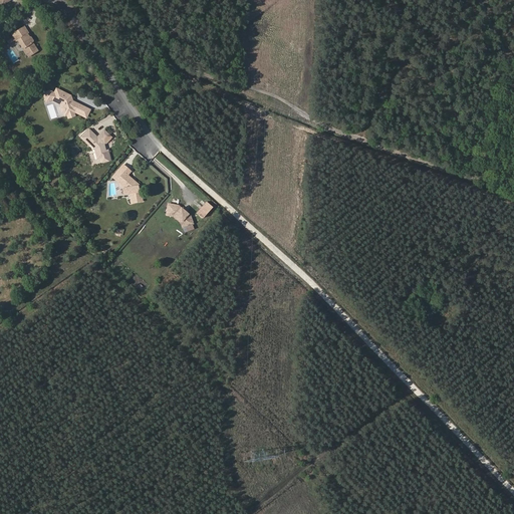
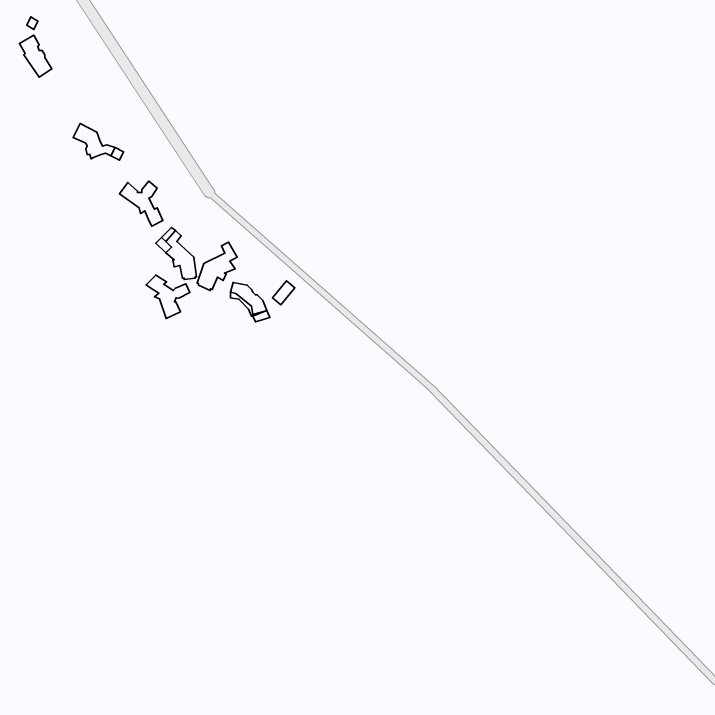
building: none -> [197,242,237,290]
building: none -> [146,275,190,319]

